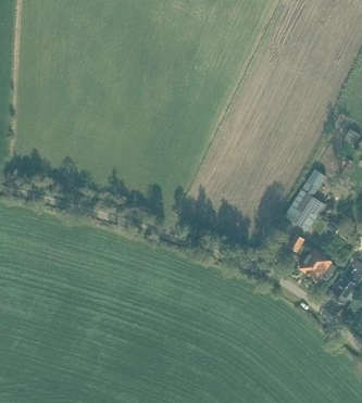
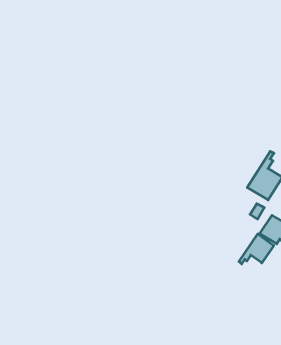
building: none -> [239,234,274,264]

